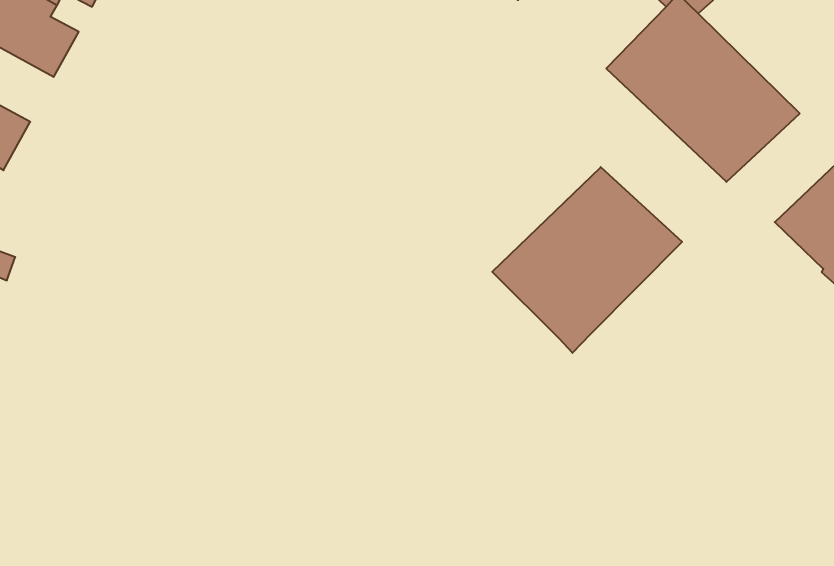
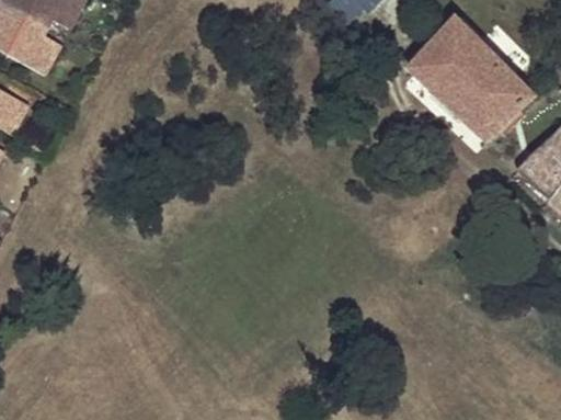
building: [492,167,682,353] -> none

